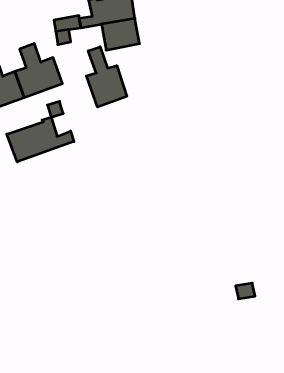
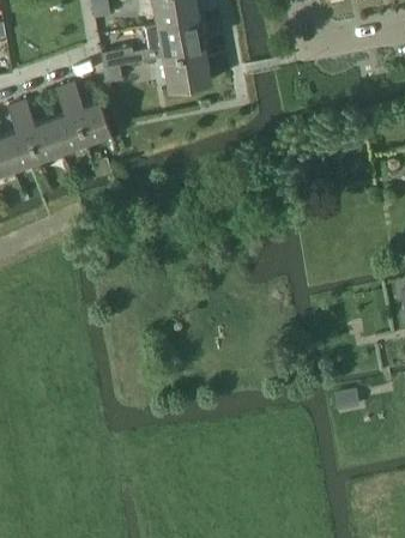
building: [86,47,127,107] -> none
building: [7,117,74,162] -> none

